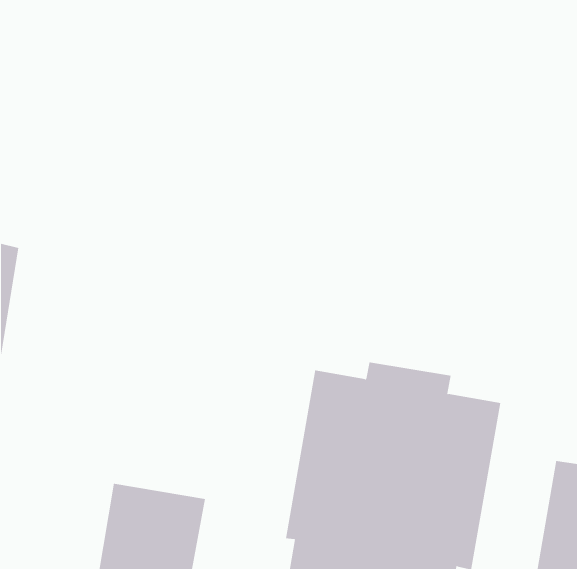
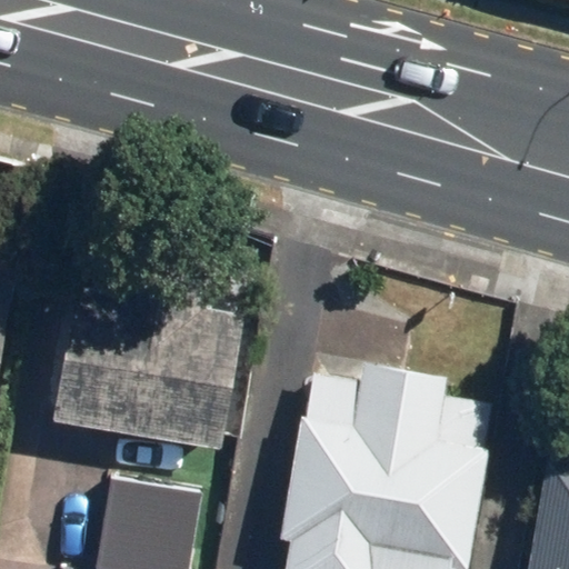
building: none -> [56,301,243,449]

